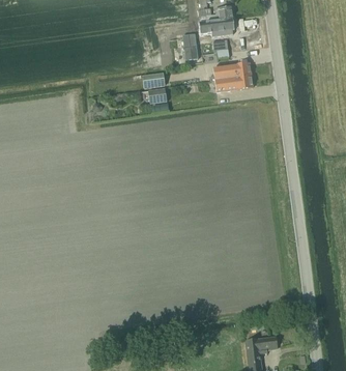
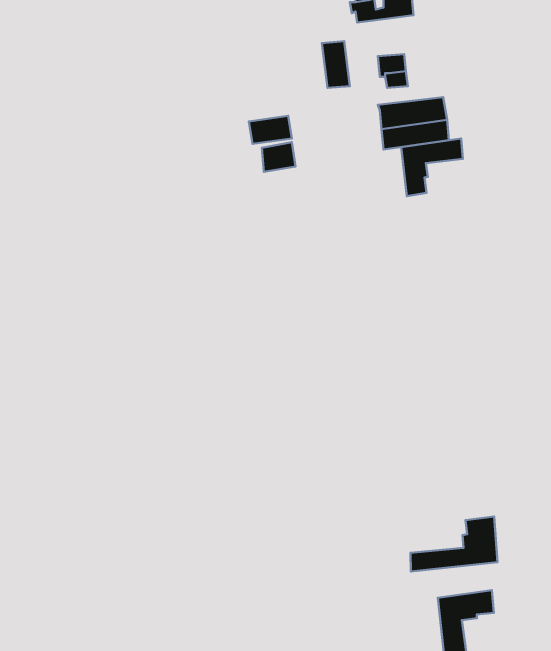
building: [199,17,234,35] -> none
building: none -> [401,138,463,196]
building: none -> [410,517,497,572]

